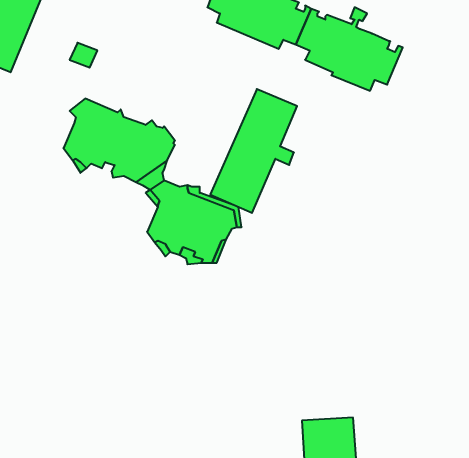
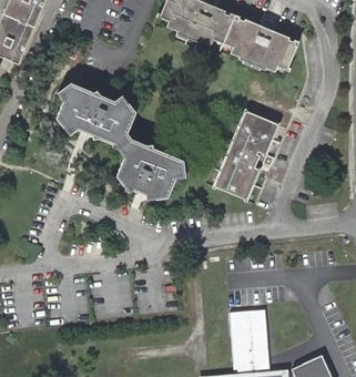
building: [210,89,297,213] -> [214,111,276,200]

